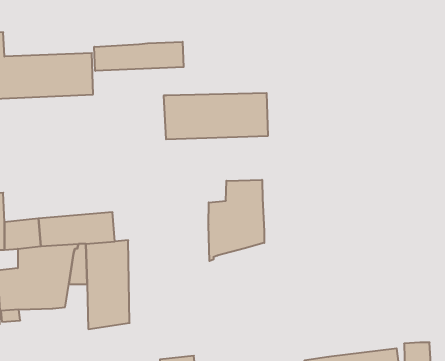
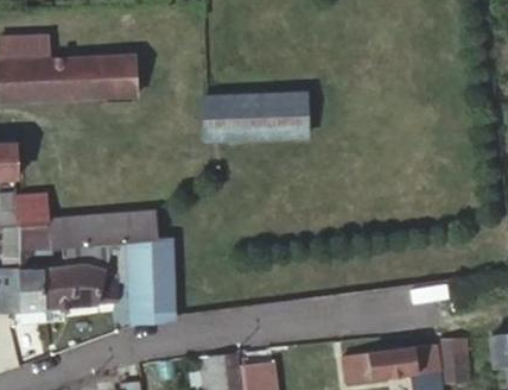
building: [94,42,184,71] -> none
building: [209,180,264,261] -> none

